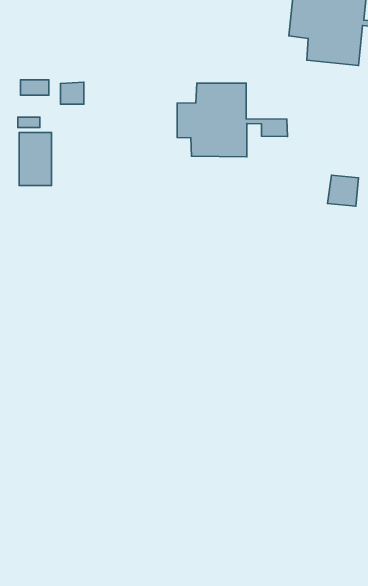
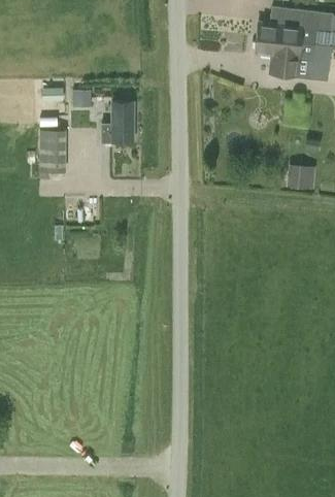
building: [177,83,287,157] -> none
building: none -> [100,102,134,141]

